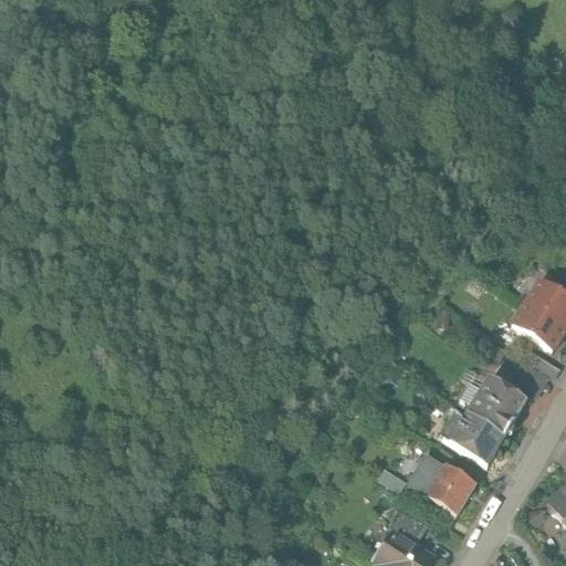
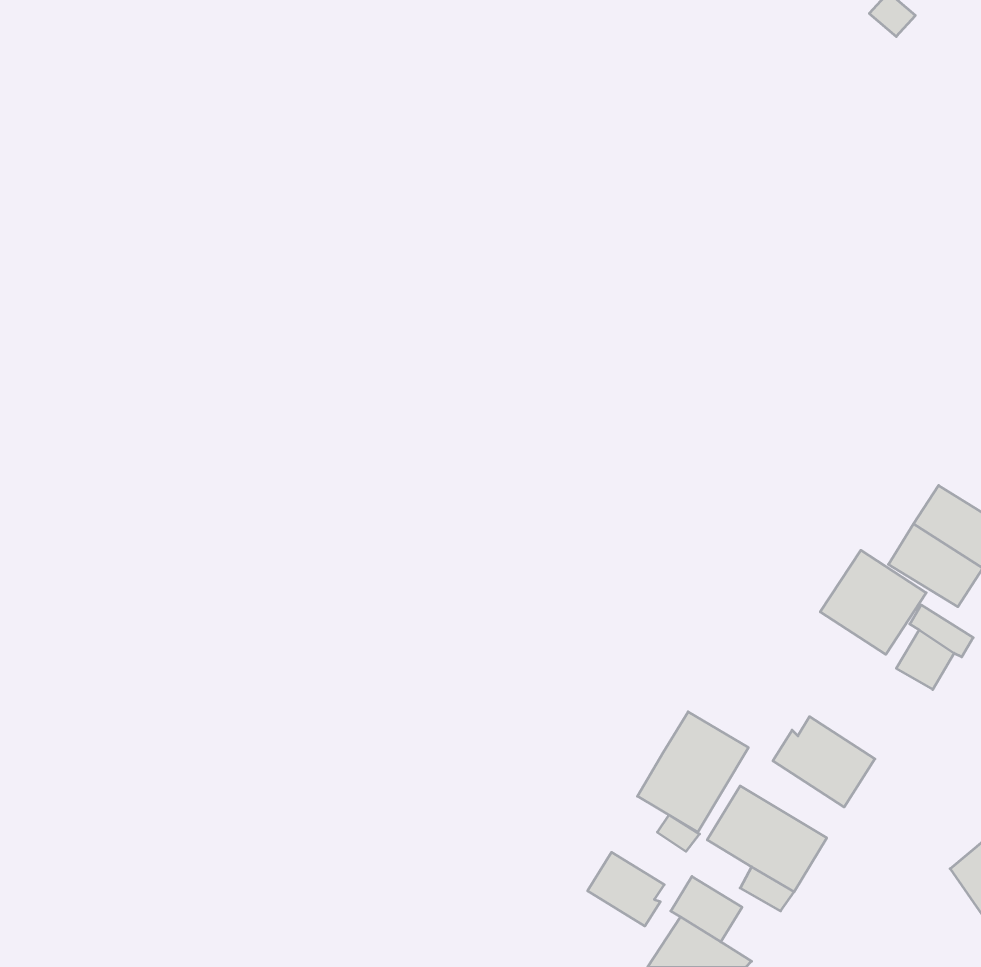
building: [467,376,527,436] -> [820,550,926,654]
building: none -> [637,712,748,832]
building: none -> [588,852,664,926]

